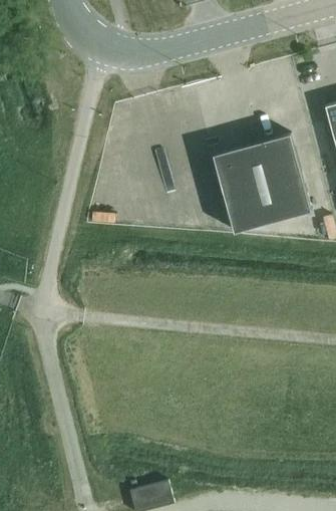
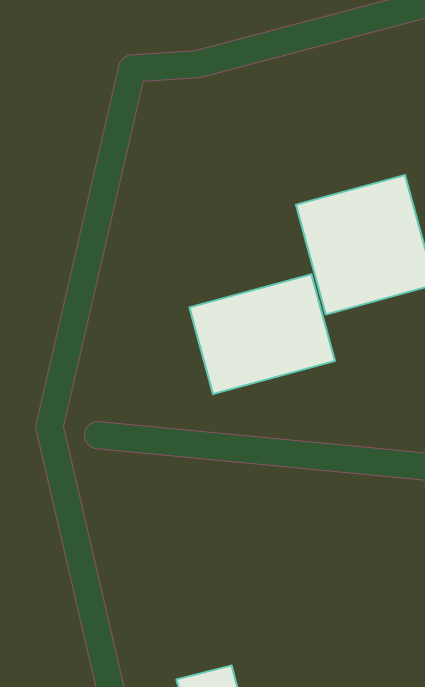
building: none -> [189,274,335,394]

